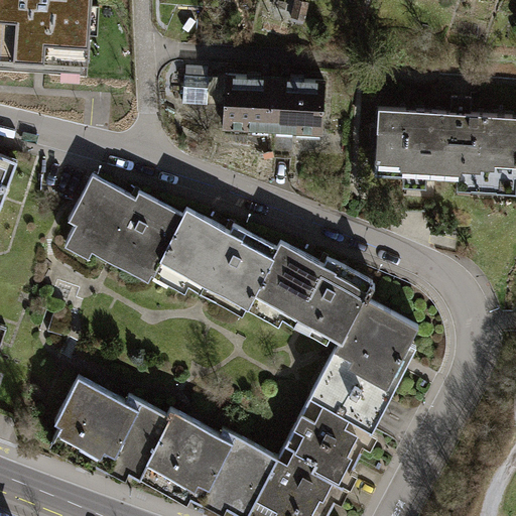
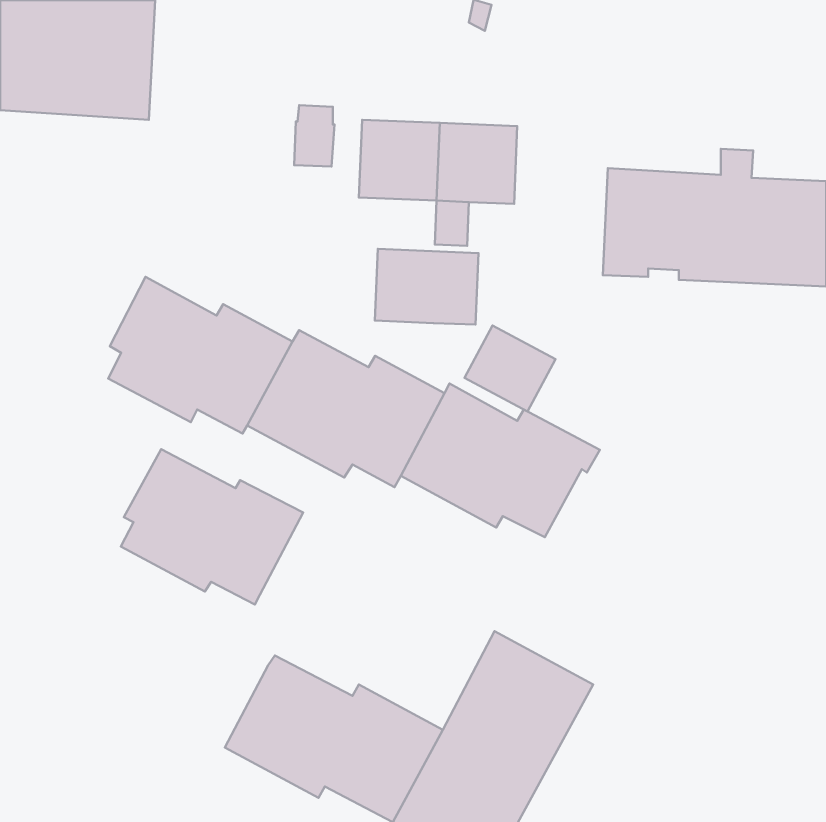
building: none -> [375,249,478,325]
building: none -> [465,325,556,411]
building: [308,295,417,429] -> none
building: [53,378,167,475] -> [121,449,303,605]

